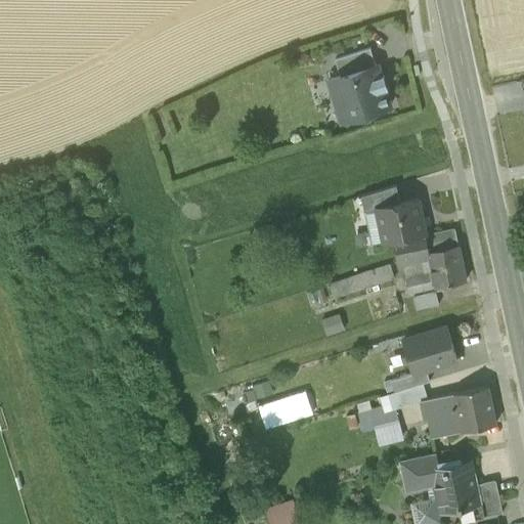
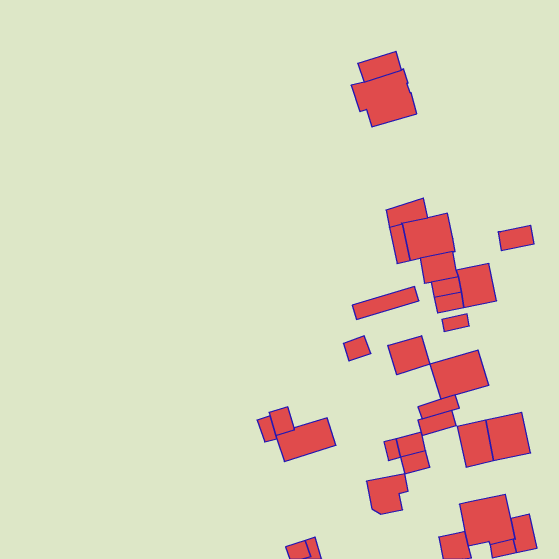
building: [424,229,457,253] -> [498,225,534,251]
building: none -> [388,336,430,375]
building: [399,453,438,491] -> [366,474,408,514]

